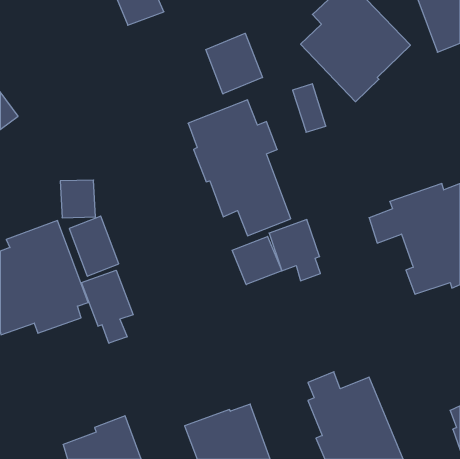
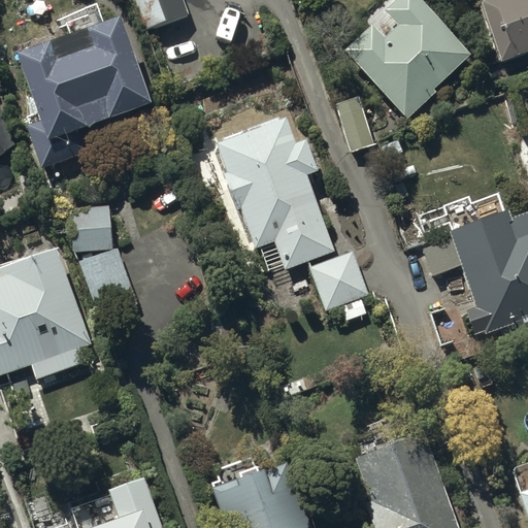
building: none -> [14,13,153,168]
building: [206,33,262,94] -> none
building: [232,236,282,285] -> none
building: [82,270,133,343] -> none

